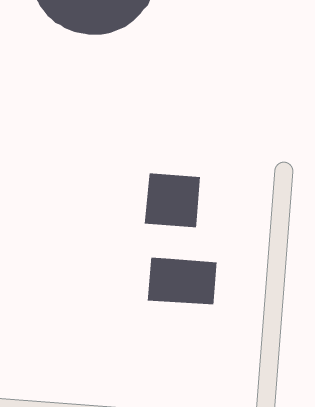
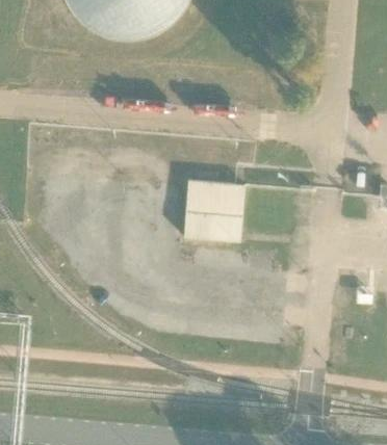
building: [147,257,217,305] -> none

